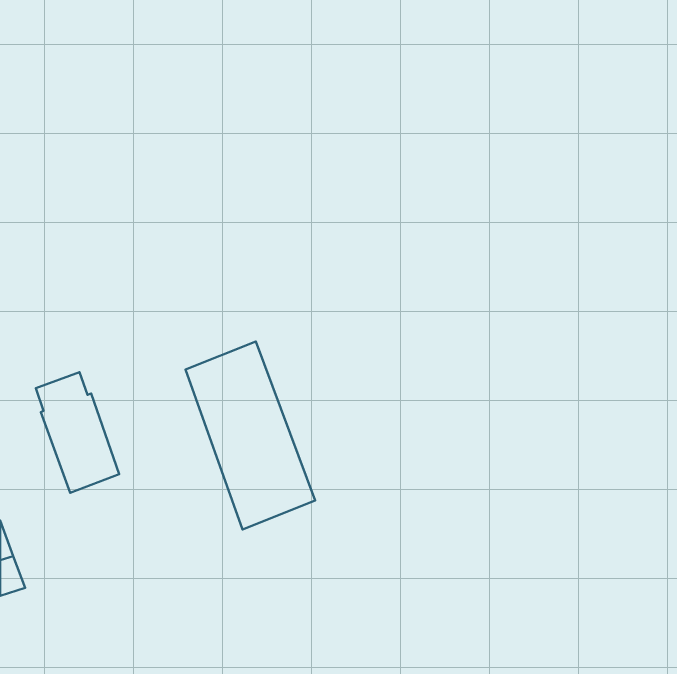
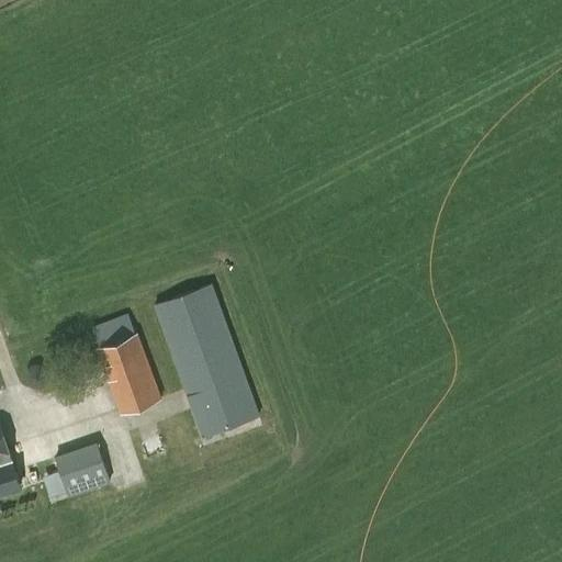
building: [36,372,119,493] -> [92,316,161,416]
building: none -> [55,442,111,496]

